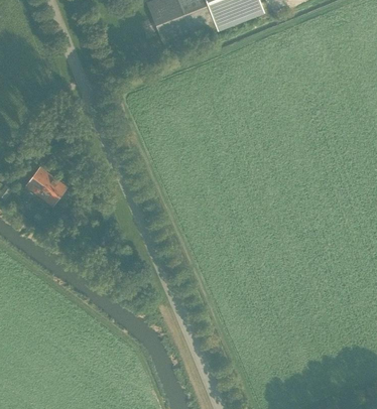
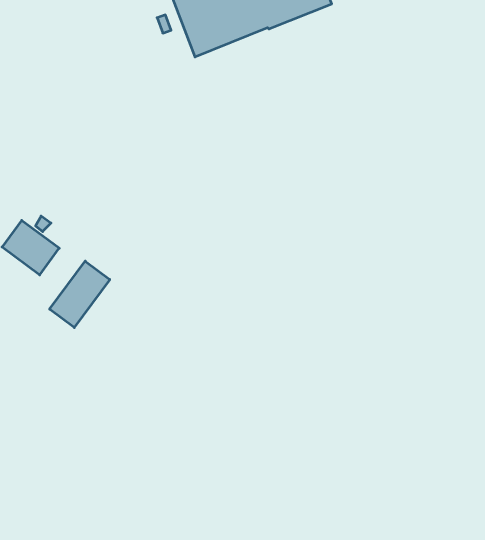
building: none -> [50,261,110,328]

